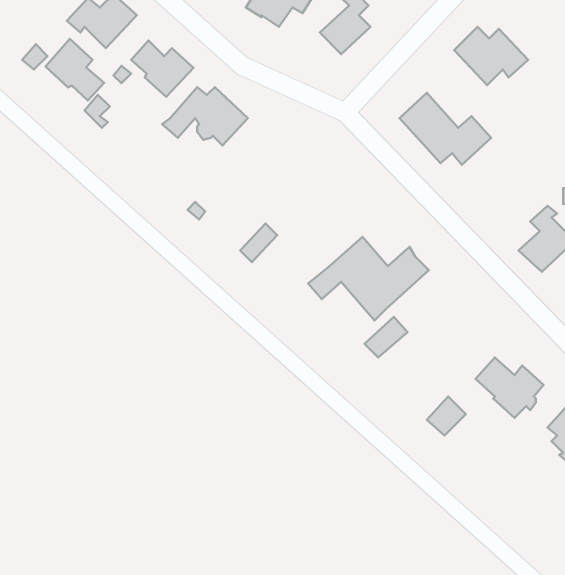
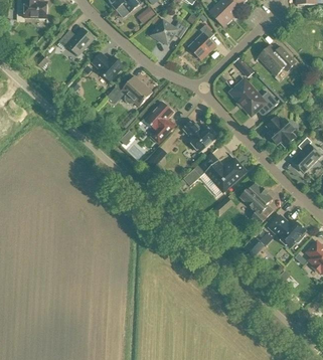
building: [45,39,104,101] -> none
building: none -> [145,101,175,143]
building: none -> [267,115,296,146]
building: none -> [184,120,216,152]
building: none -> [240,183,273,224]

